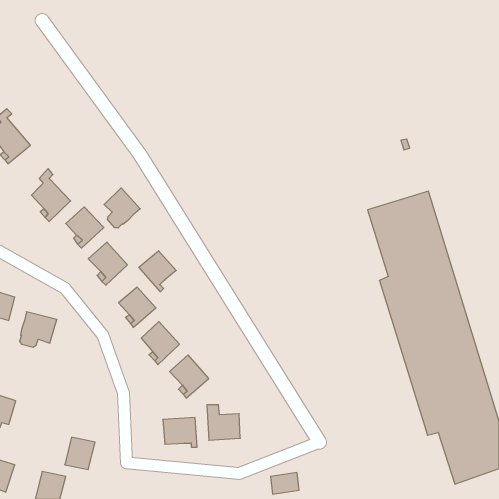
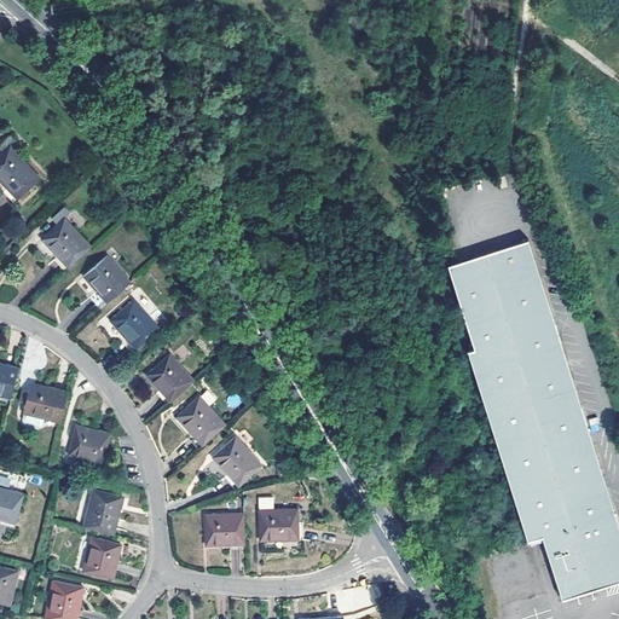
building: [104,188,140,228] -> none
building: [139,251,176,292] -> none
building: none -> [70,426,111,465]
building: none -> [85,488,123,534]

